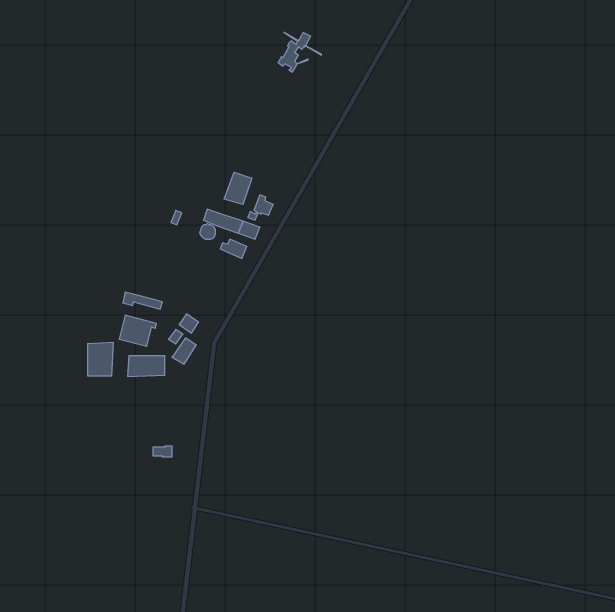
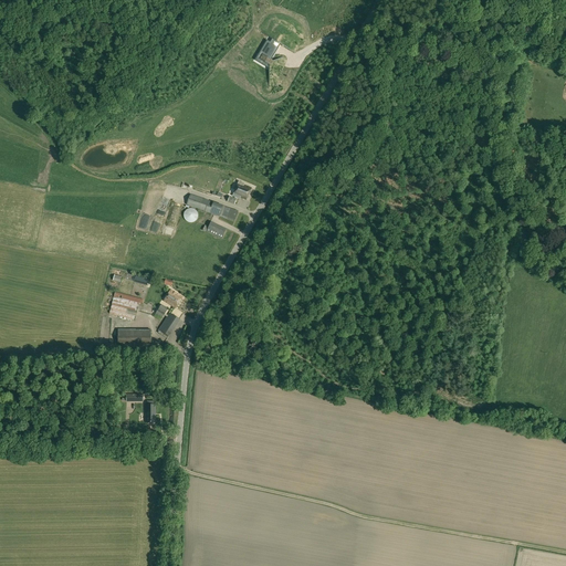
building: [224,172,252,204] -> none
building: [88,342,113,376] -> none

